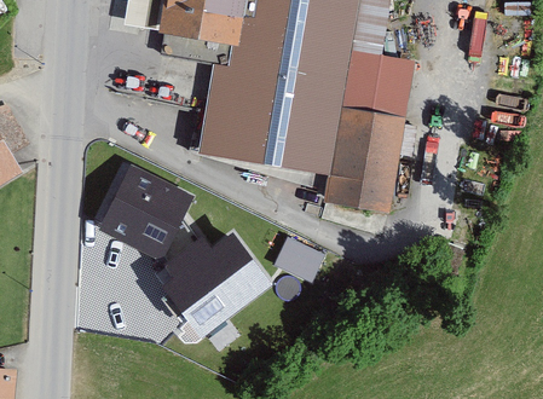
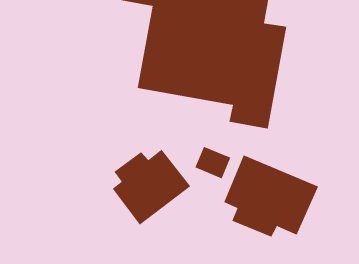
building: [100,170,184,256] -> none
building: none -> [224,155,319,238]

